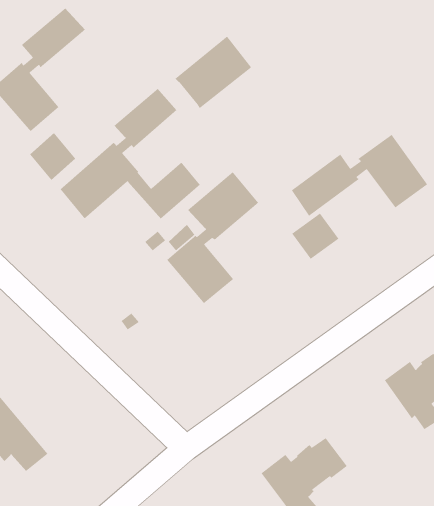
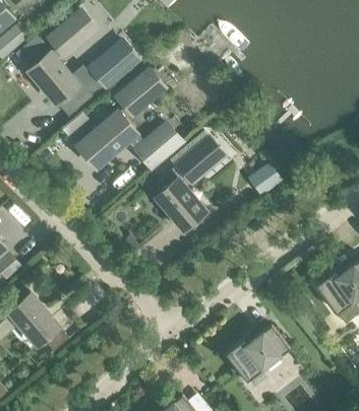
building: [175,36,252,109] -> [85,38,142,91]
building: [291,134,428,217] -> none

